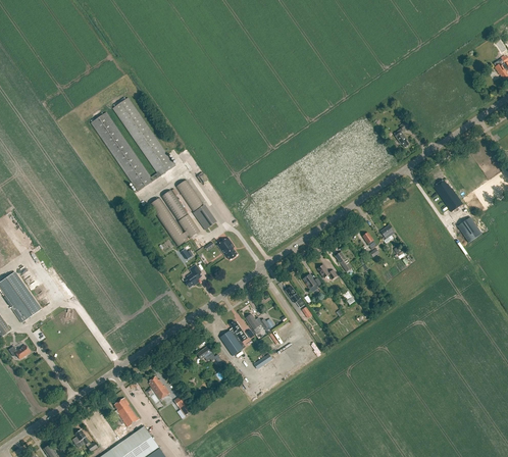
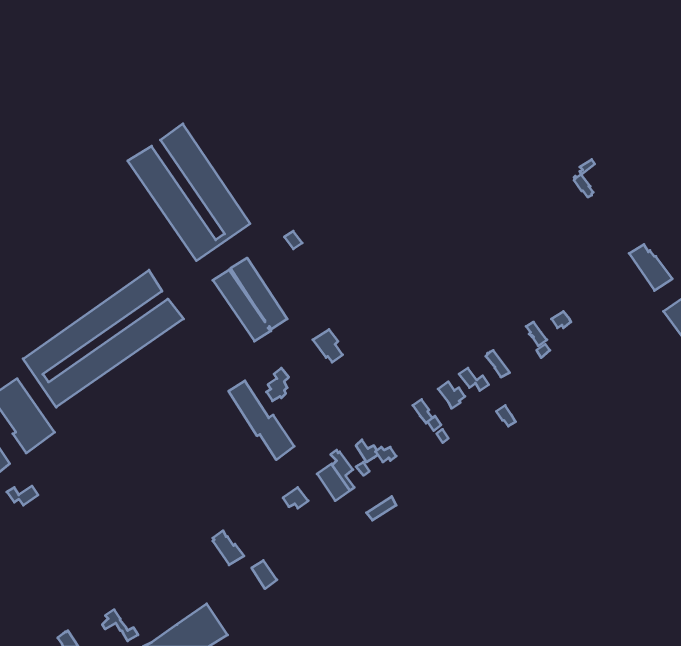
building: [175,179,220,233] -> [229,381,294,460]
building: none -> [23,270,184,407]
building: [114,397,140,426] -> none

